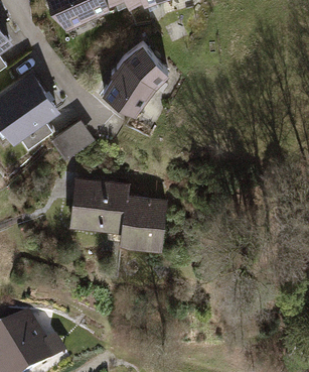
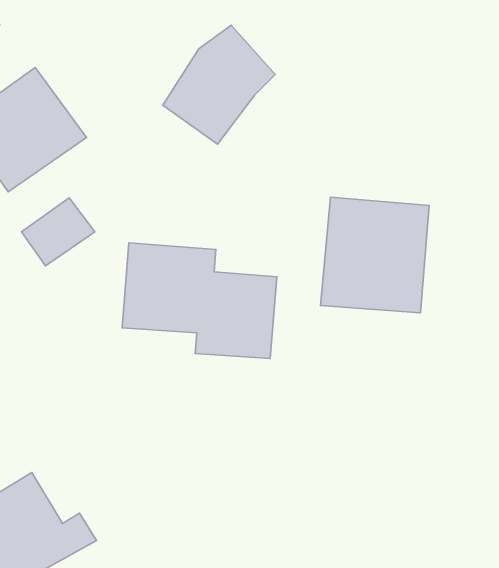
building: [52,119,96,159] -> [22,198,95,266]
building: none -> [320,197,429,313]

